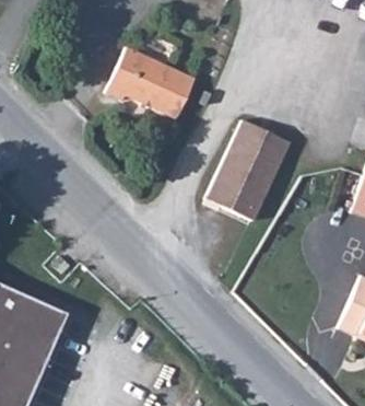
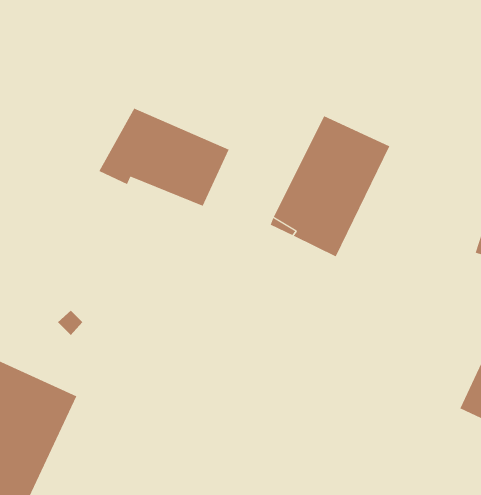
building: [103,48,196,118] -> [98,108,229,207]

